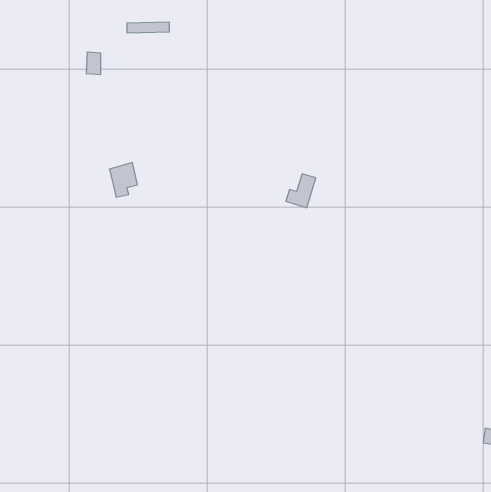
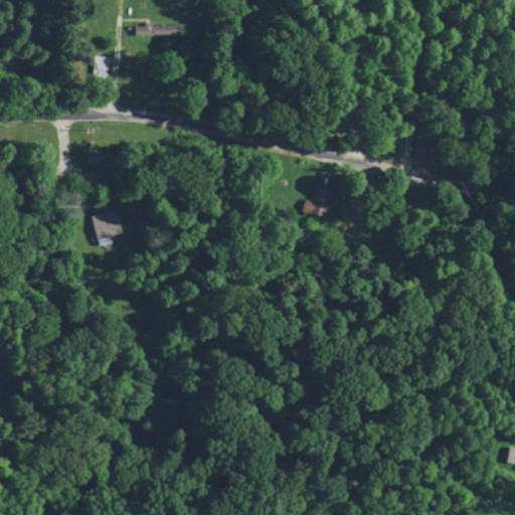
building: [109,163,137,197] -> [92,210,121,246]

